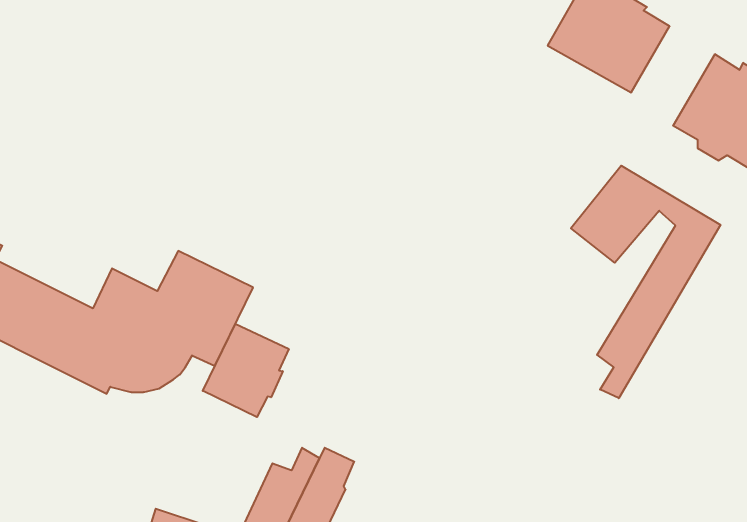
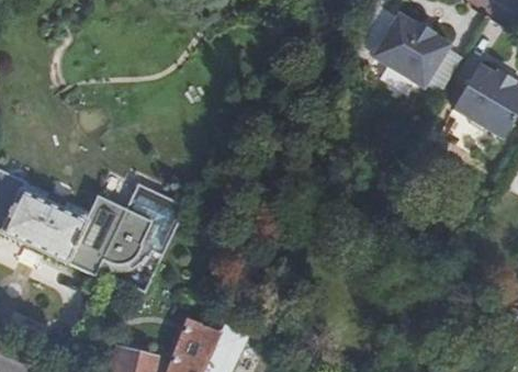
building: [571,166,720,398] -> none
building: [203,324,289,417] -> none

